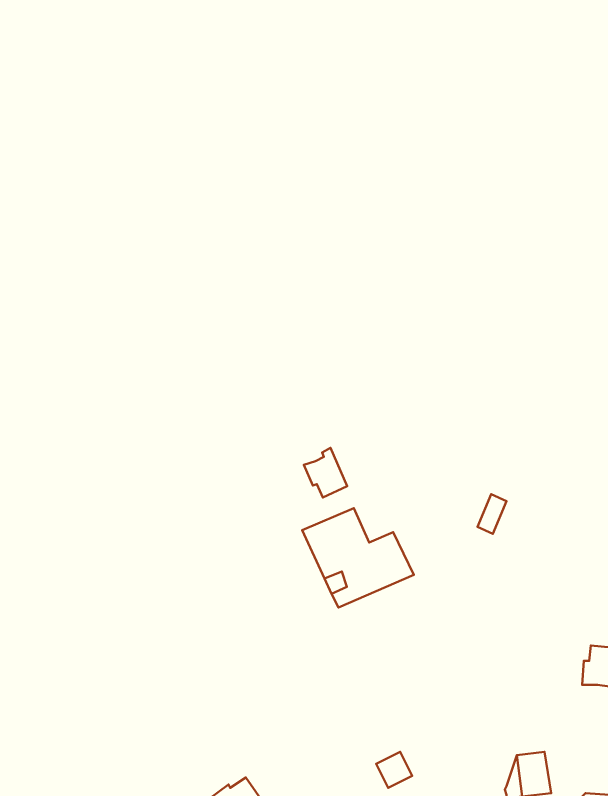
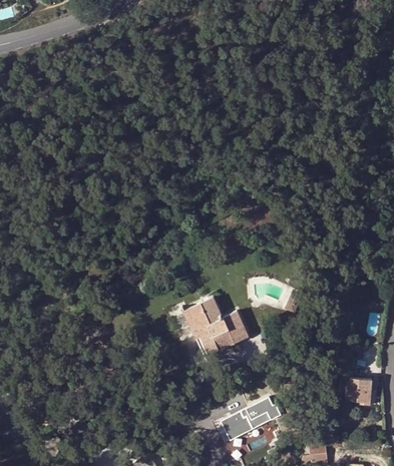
building: [304,448,347,497] -> none
building: none -> [222,397,282,441]

